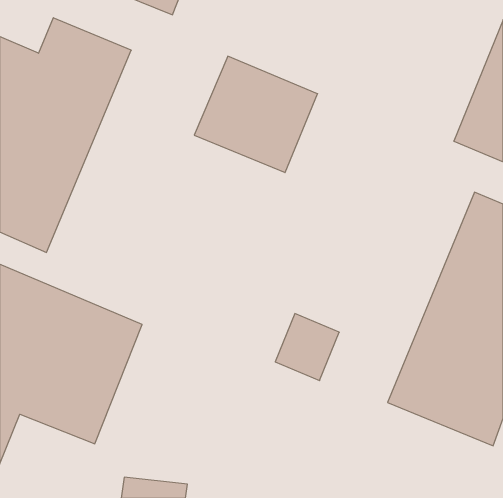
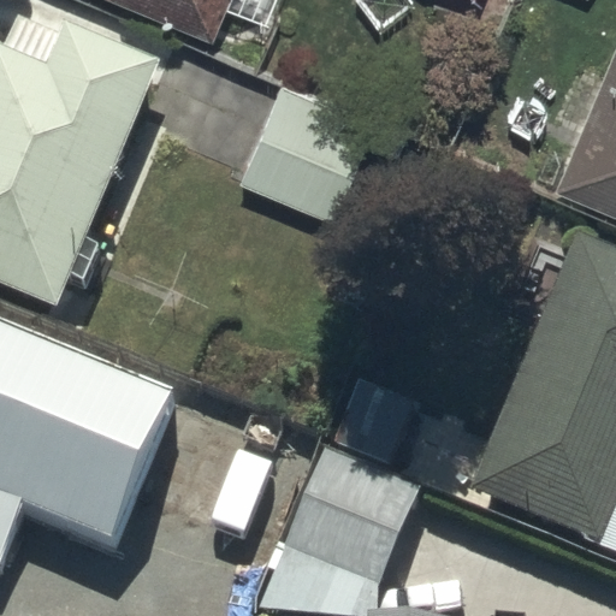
building: none -> [285,449,421,586]

